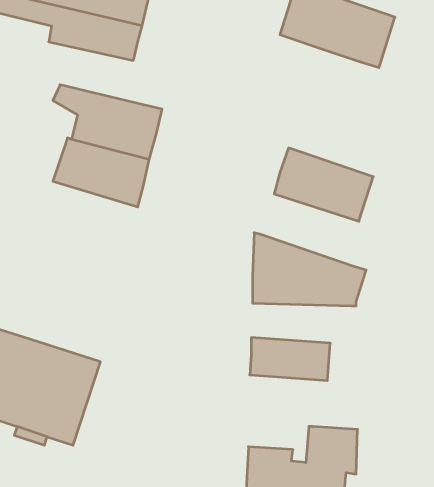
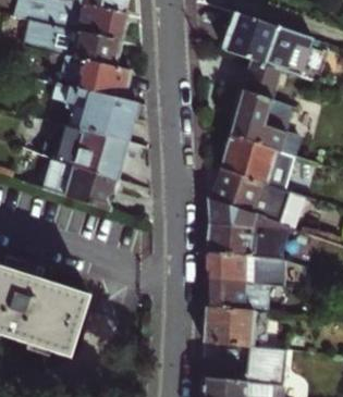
building: none -> [47,53,130,101]
building: none -> [232,59,307,157]
building: none -> [44,159,125,210]
building: none -> [210,169,291,223]
building: none -> [204,251,281,283]
building: none -> [201,306,261,345]

